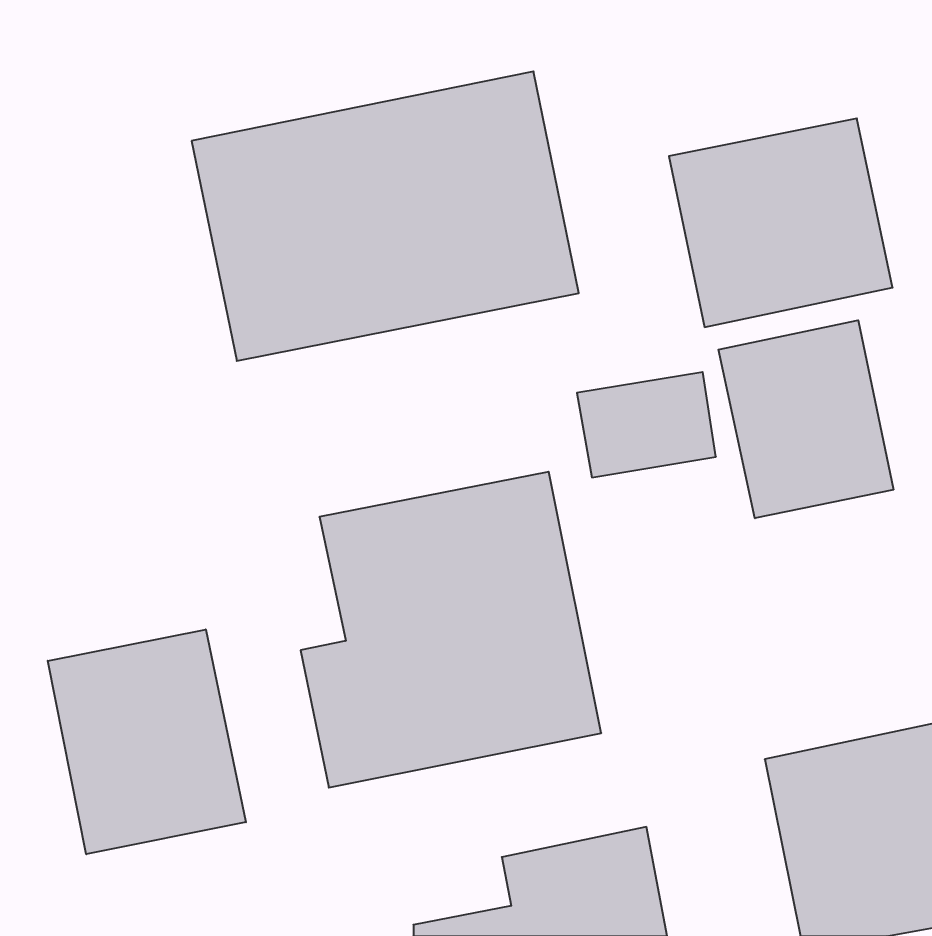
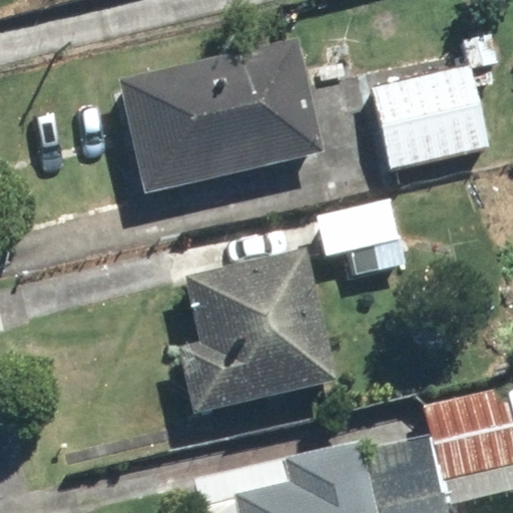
building: [718,320,893,518] -> none
building: [48,629,246,854] -> none

